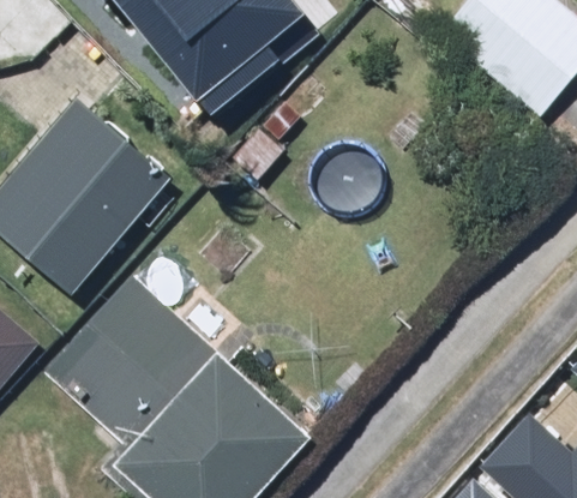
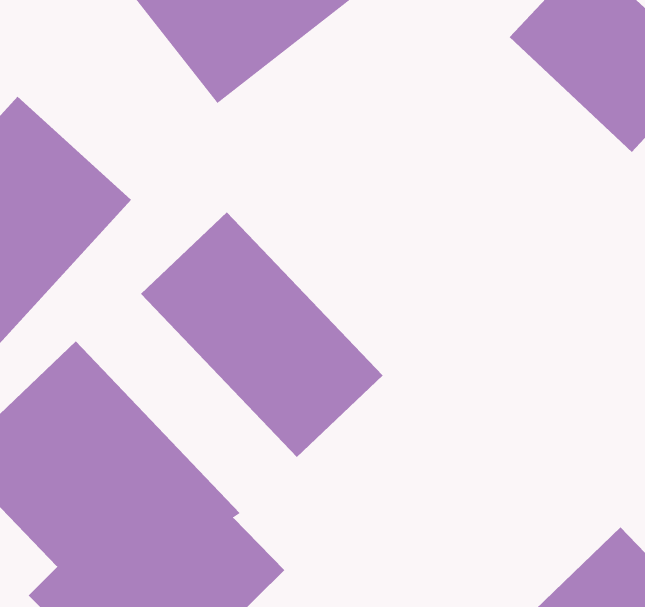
building: none -> [140,211,384,458]

